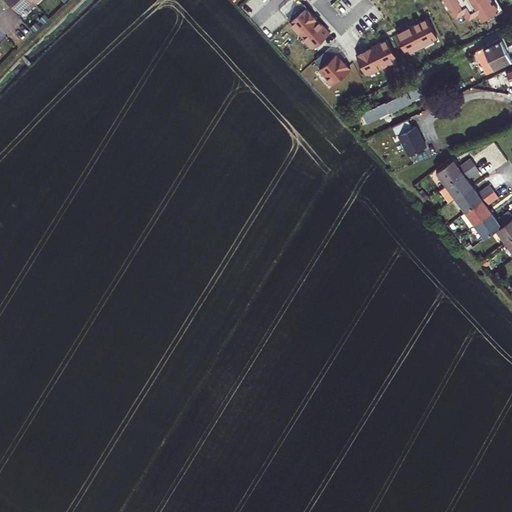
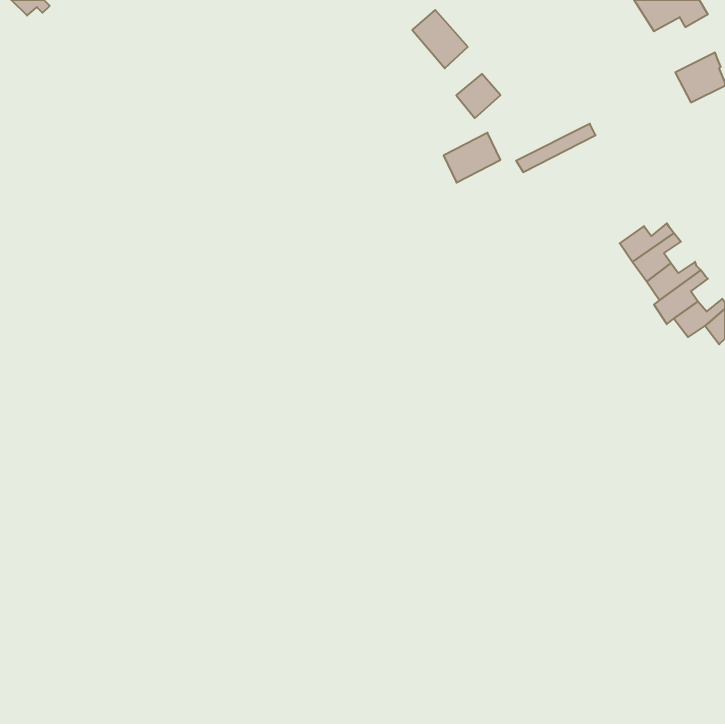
building: [395,19,436,54] -> none
building: [356,41,396,76] -> [444,133,500,183]
building: [391,120,426,157] -> none

